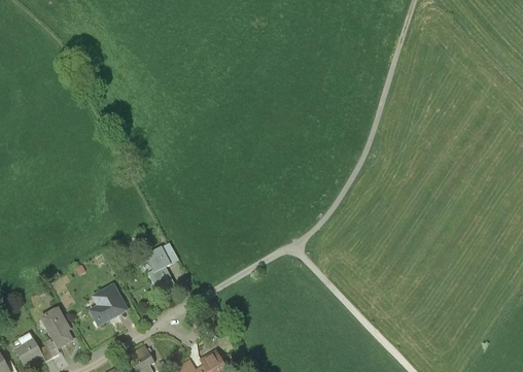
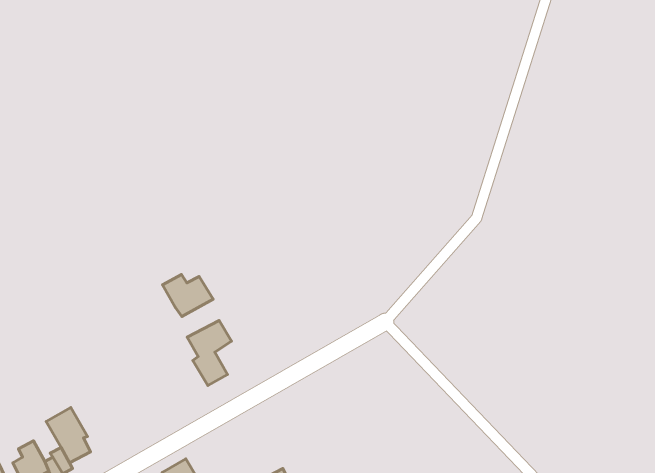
building: none -> [163,274,213,316]
building: [90,284,127,325] -> none

